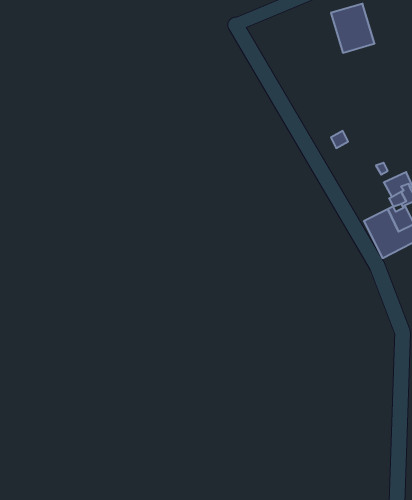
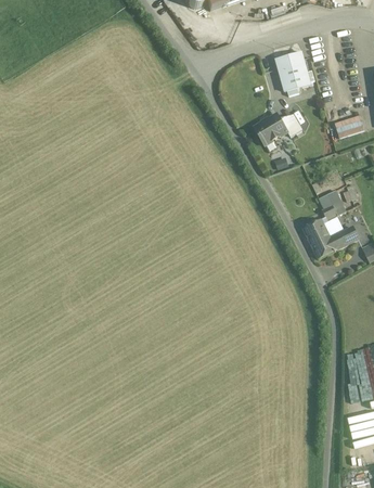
building: none -> [254,114,286,144]

